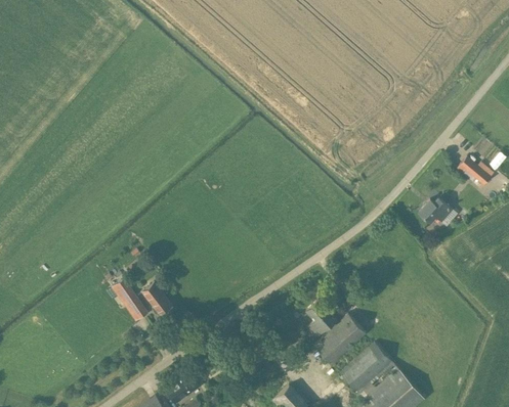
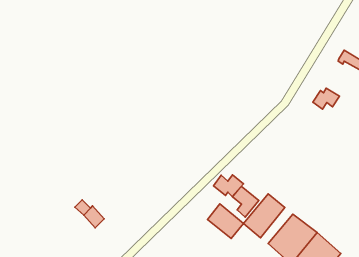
building: none -> [214,175,243,196]
building: [142,283,172,315] -> none
building: none -> [208,204,244,239]

